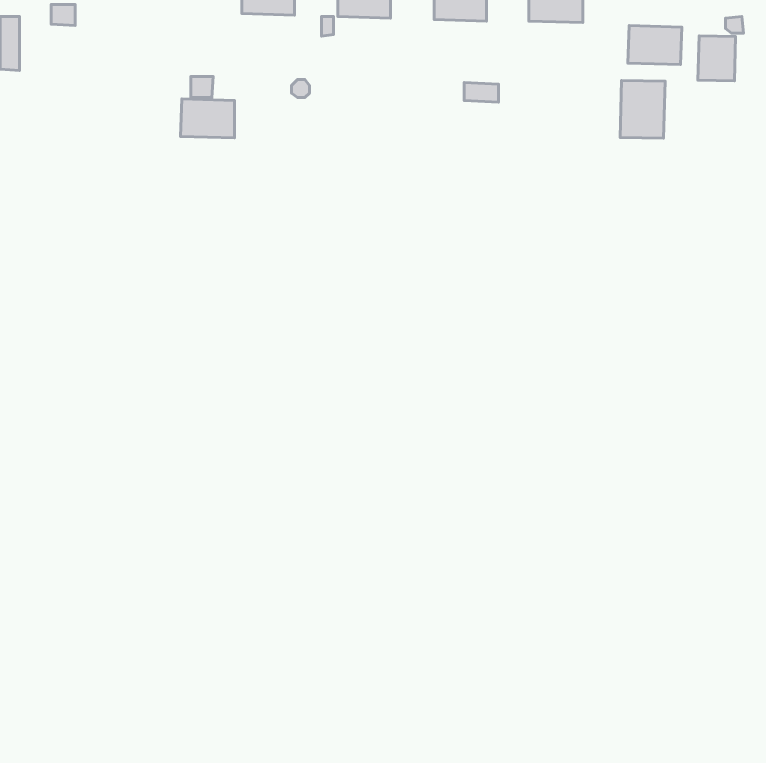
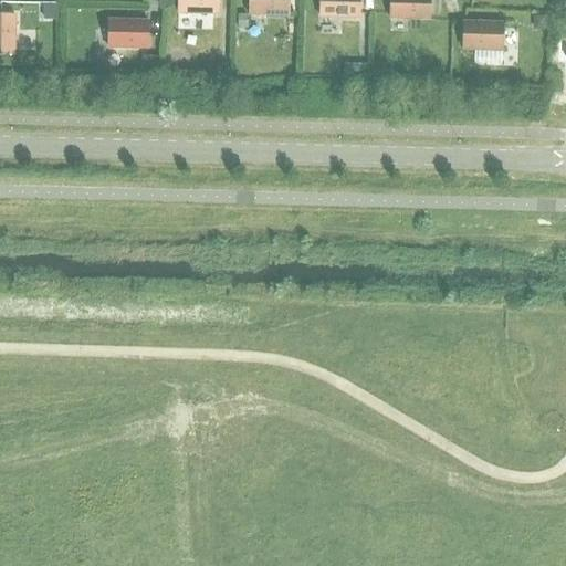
building: [698,36,736,81] -> none
building: [620,81,665,138] -> none
building: [180,99,234,138] -> [108,17,148,45]

